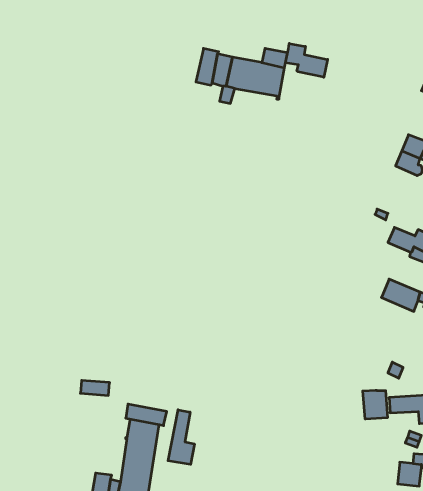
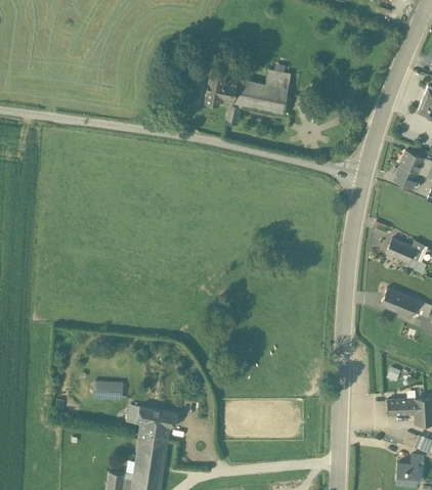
building: [286,43,328,77] -> none
building: [363,390,387,419] -> none
building: [168,410,194,464] -> none

